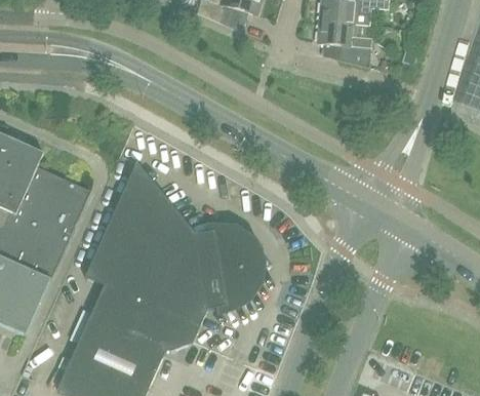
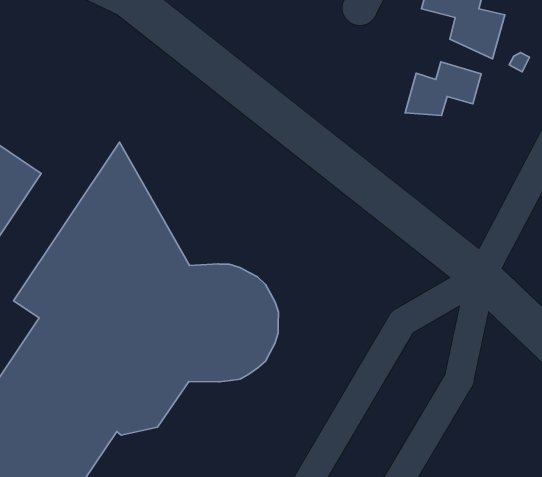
building: none -> [405,62,481,116]

